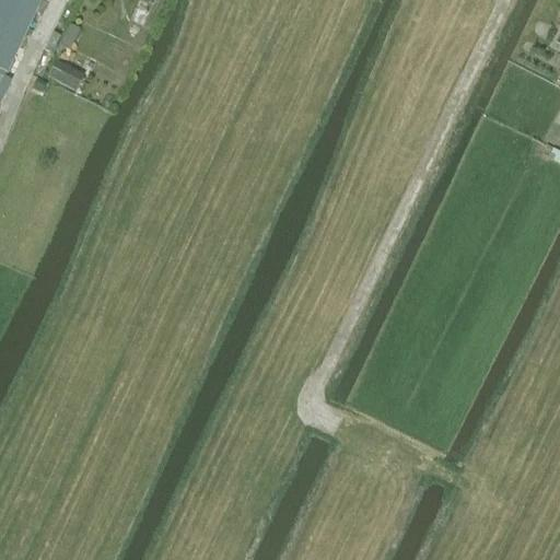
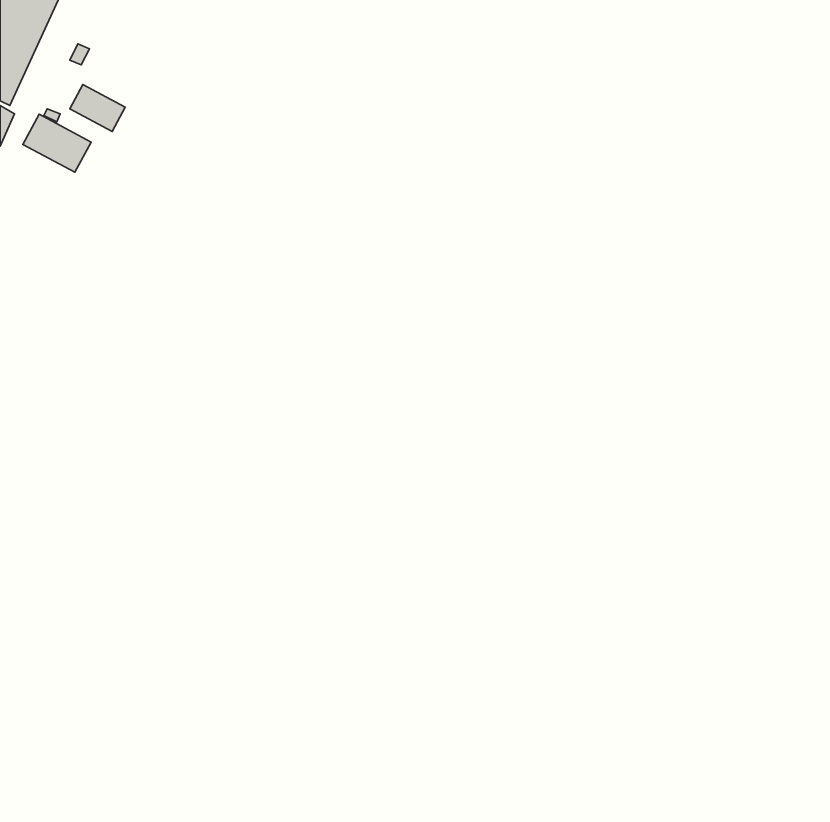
building: none -> [23,114,91,172]

